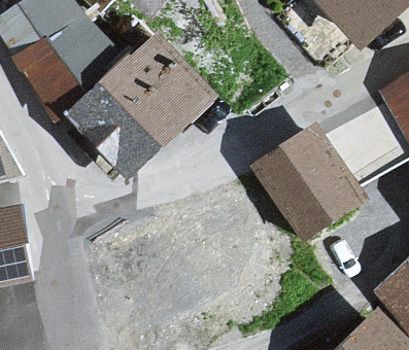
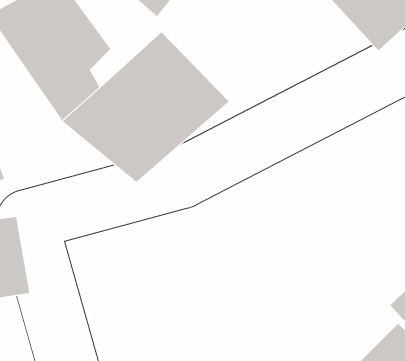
building: [247,127,372,239] -> none

